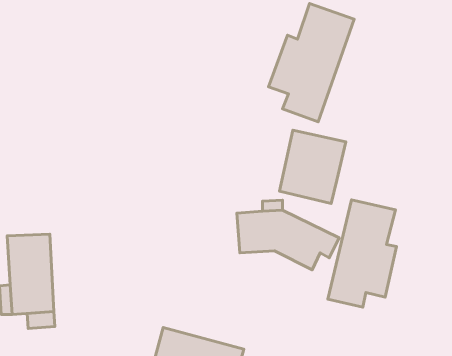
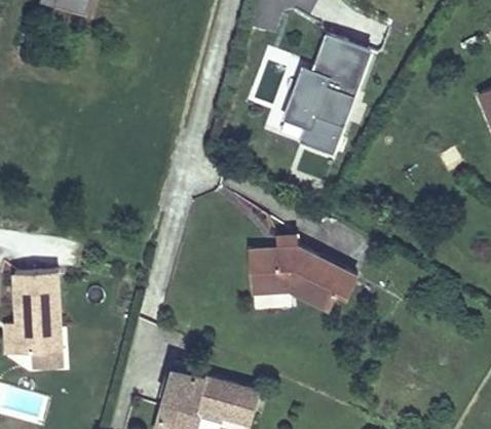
building: [280,130,346,204] -> none
building: [328,200,397,307] -> none

